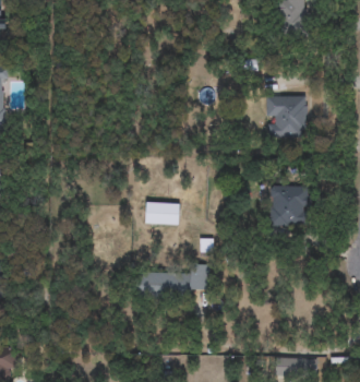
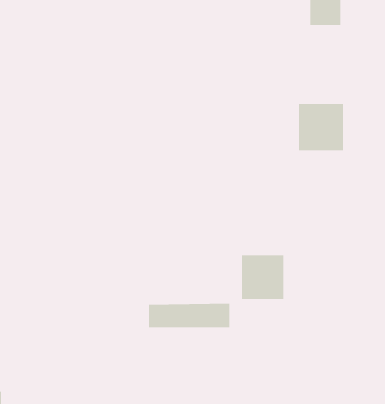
building: [269,186,307,225] -> [241,254,284,300]
building: [146,202,179,224] -> none

